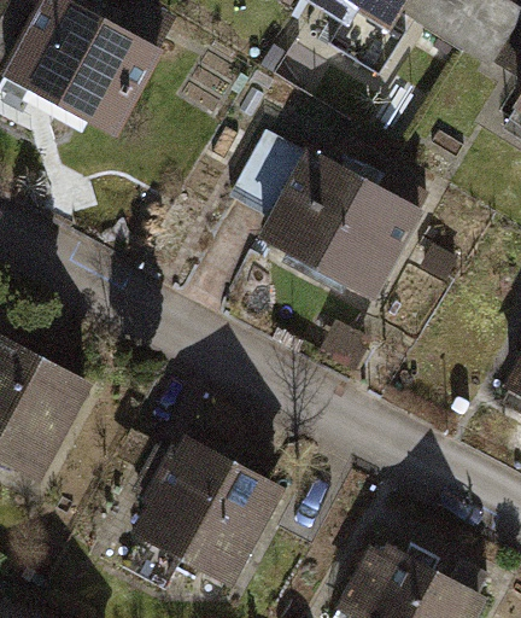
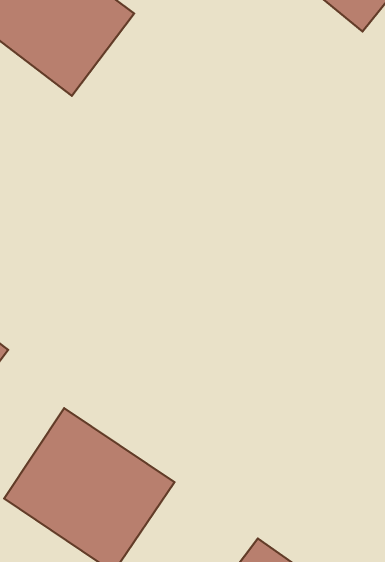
building: [260,145,423,296] -> none

